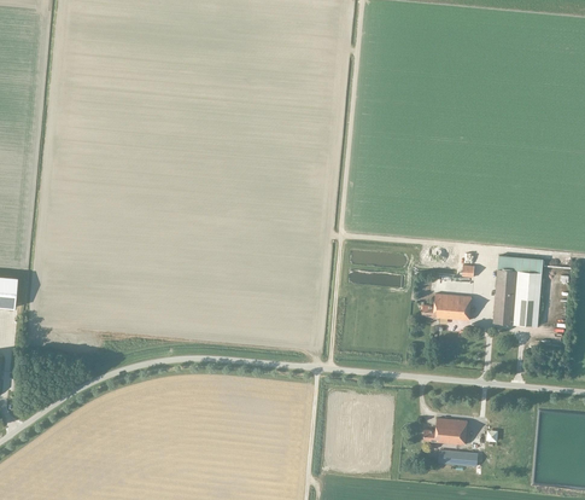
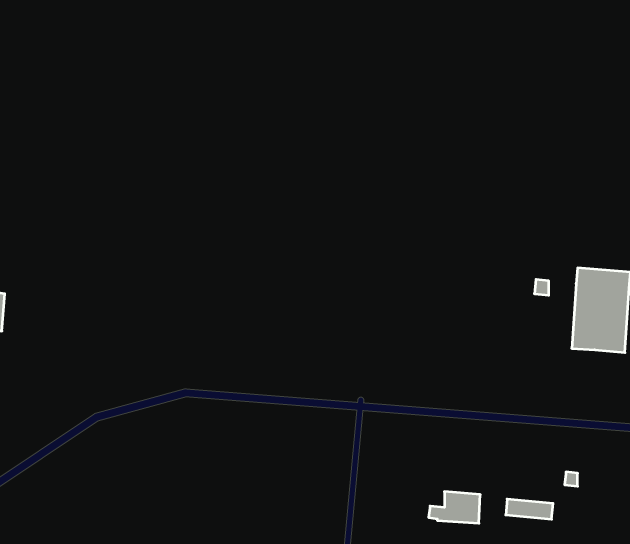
building: [422,293,472,321] -> none
building: [423,419,467,446] -> [429,492,480,523]

